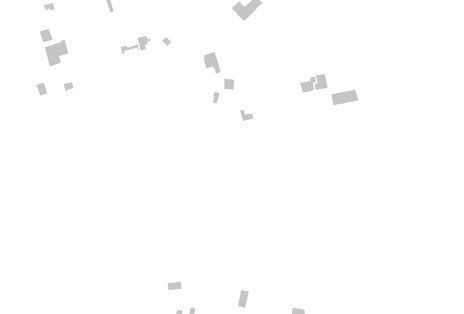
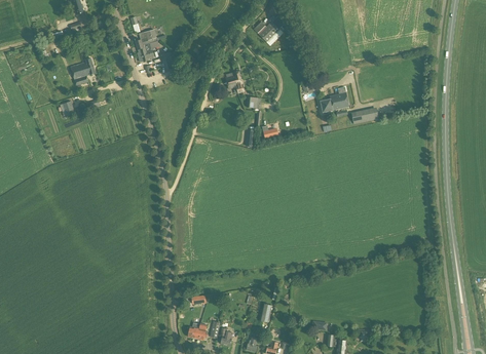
building: none -> [135,29,158,62]

